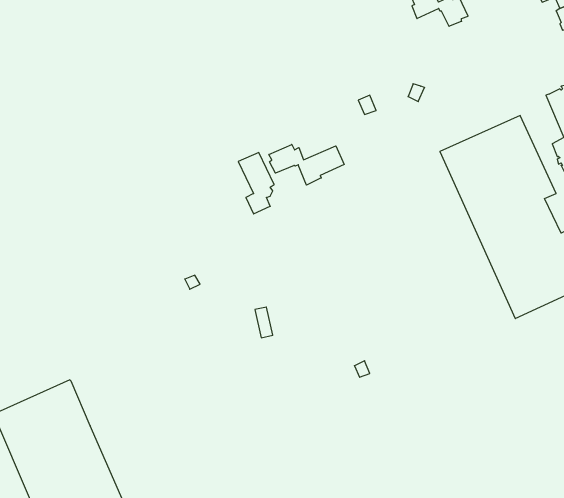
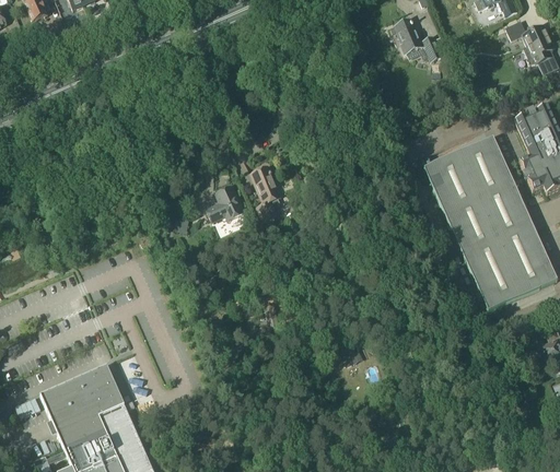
building: [269,144,344,185] -> none
building: none -> [206,186,243,221]

